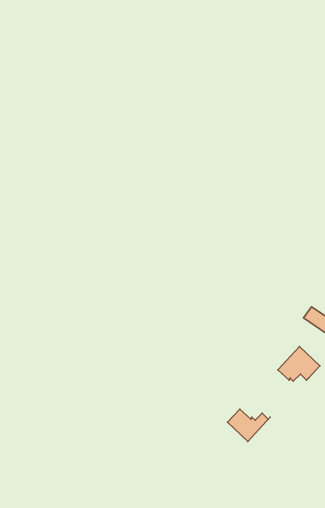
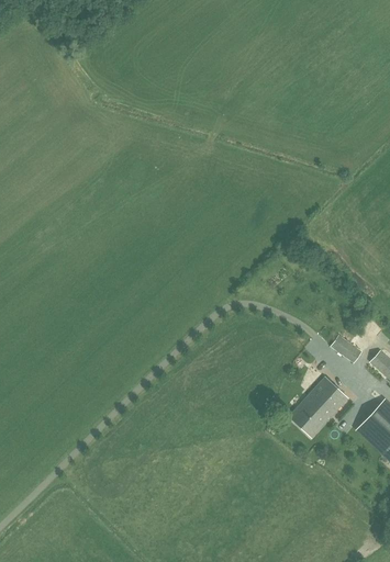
building: [227,409,270,442] -> [289,402,335,437]

